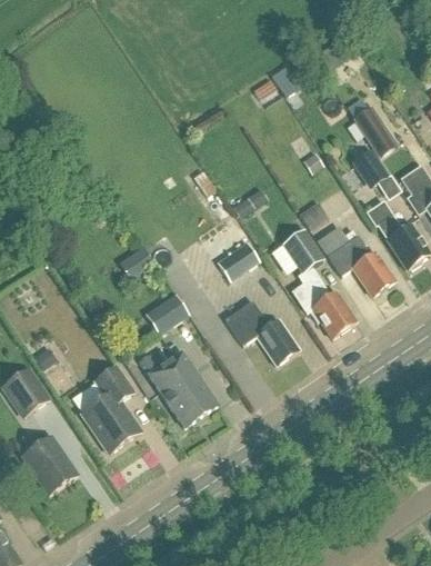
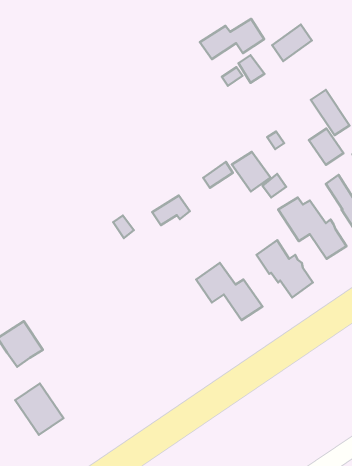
building: none -> [200,19,264,59]
building: [281,229,324,274] -> [232,152,270,191]
building: [217,242,259,276] -> [152,195,190,225]
building: [143,291,188,335] -> none
building: [138,351,217,427] -> none
building: [80,366,140,453] -> none

